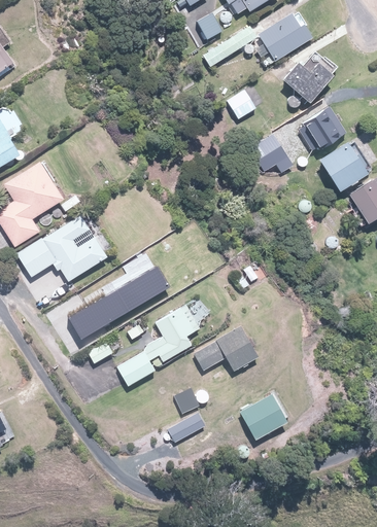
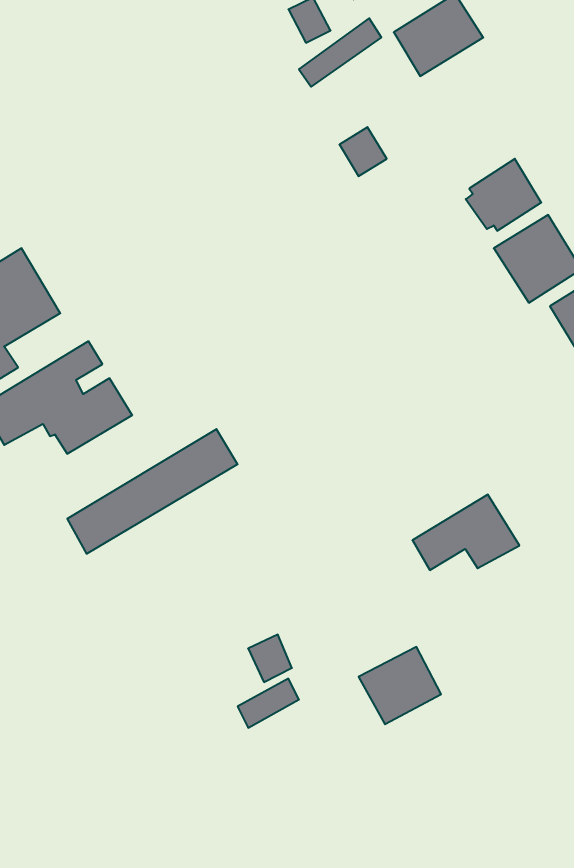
building: [285,62,333,101] -> none
building: [252,135,293,171] -> none
building: [118,305,199,387] -> none
building: [195,327,258,372] -> [412,495,519,570]

